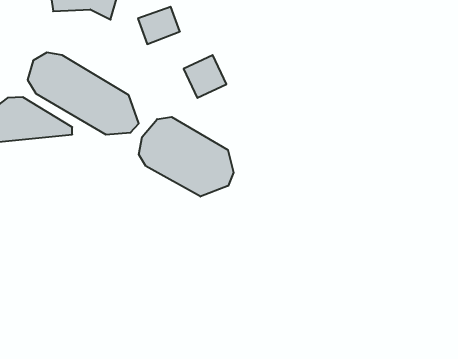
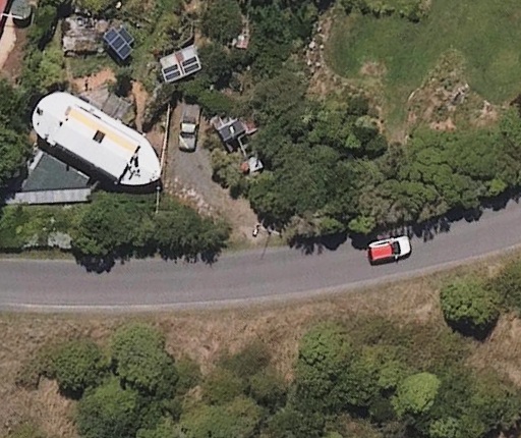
building: [139,117,234,197] -> none

